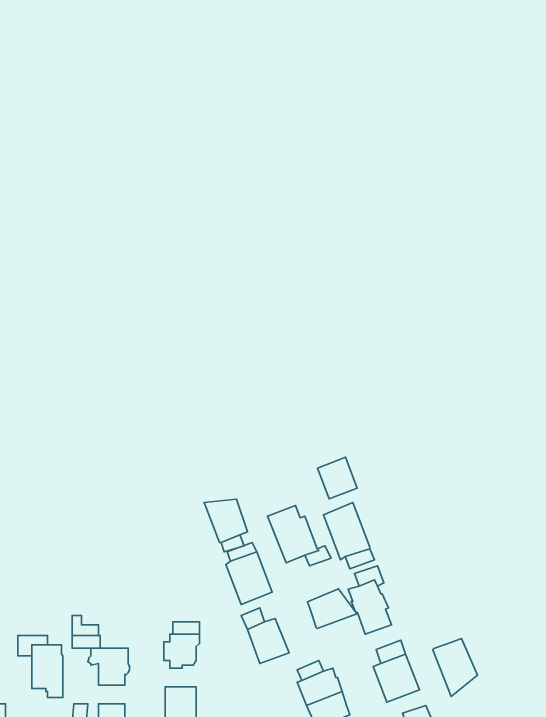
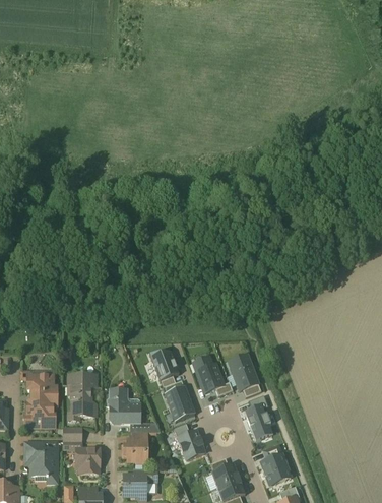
building: [317,457,357,499] -> none
building: none -> [70,375,95,417]
building: none -> [28,376,57,427]
building: none -> [108,390,140,423]
building: [307,589,357,628] -> none
building: [433,639,478,697] -> none

